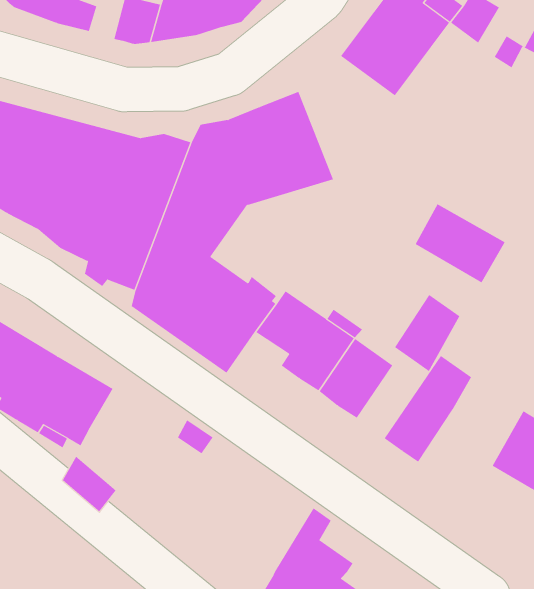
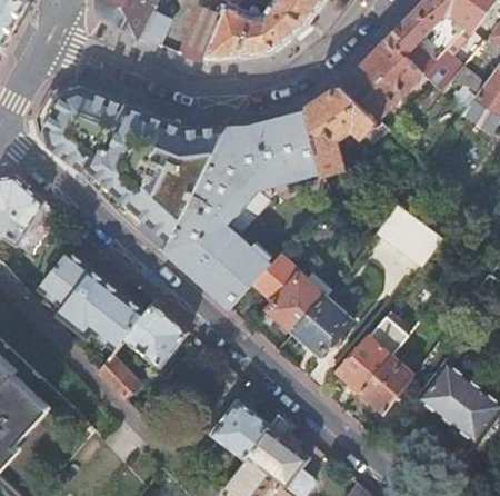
building: none -> [307,87,387,177]
building: [394,294,460,372] -> [361,356,412,413]
building: none -> [123,300,187,368]
building: none -> [211,398,271,460]

